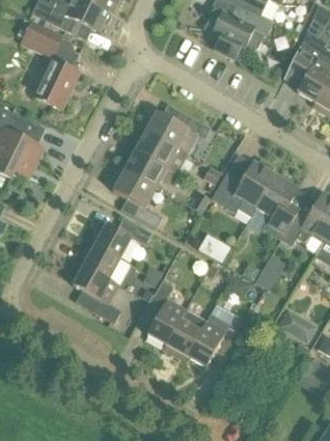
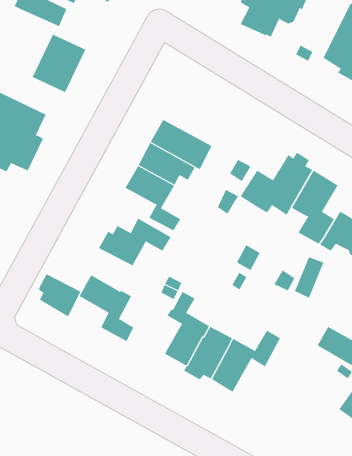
building: [145,111,211,154] -> none
building: [82,242,119,279] -> [38,273,81,317]

